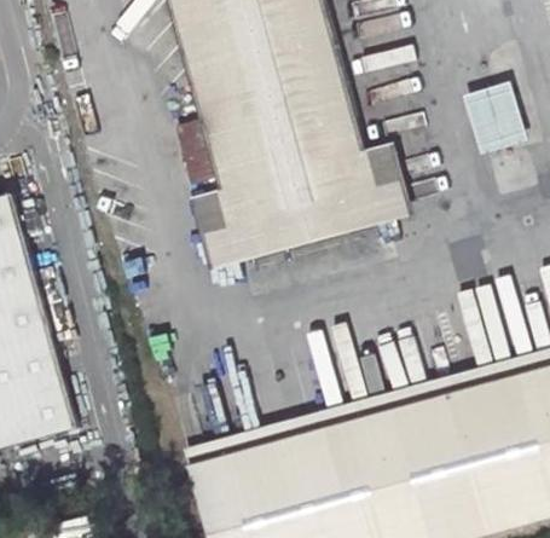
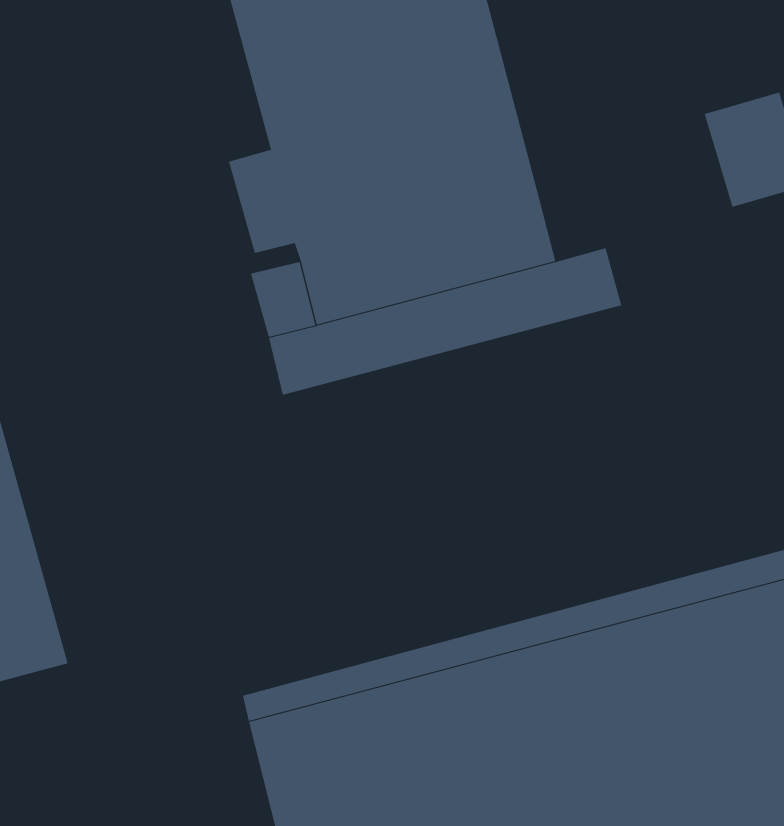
building: [363,143,403,187] -> none

